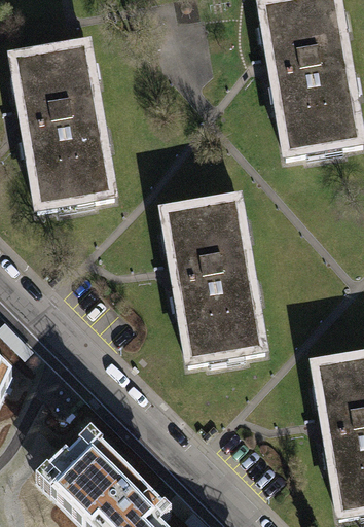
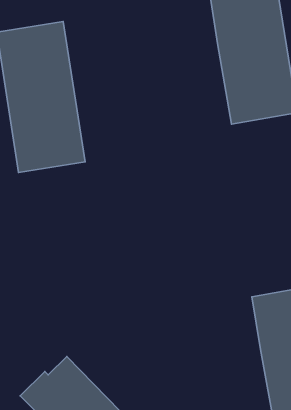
building: [159,191,264,365] -> none

